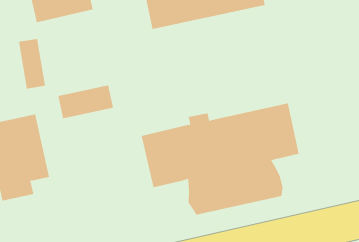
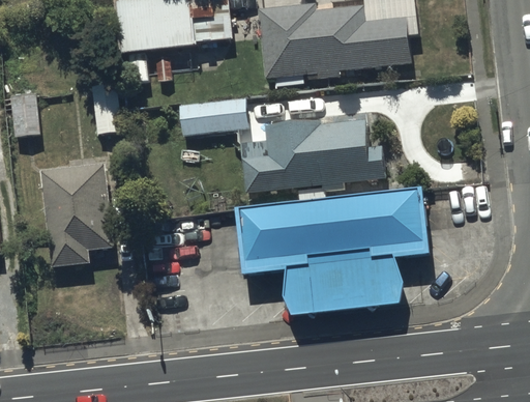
building: none -> [239,119,384,192]
building: [57,85,114,119] -> [178,99,246,135]

